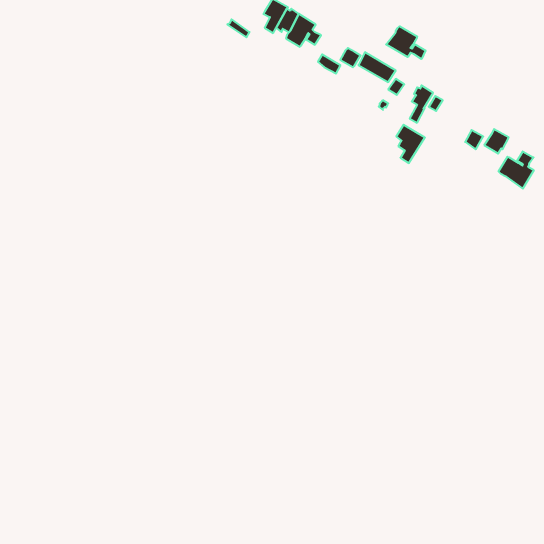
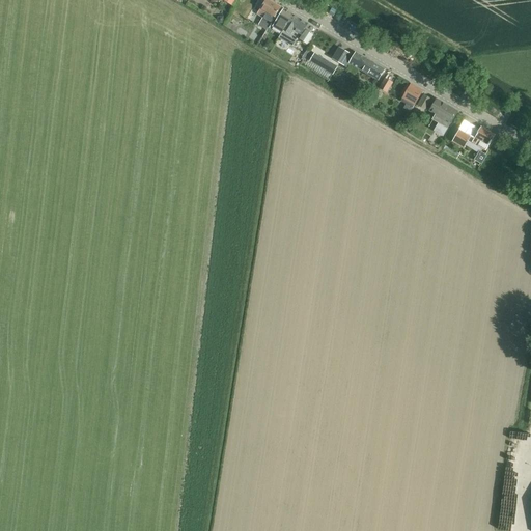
building: [386,26,426,59] -> none
building: [396,125,425,163] -> [429,97,457,135]
building: [499,151,534,189] -> none

